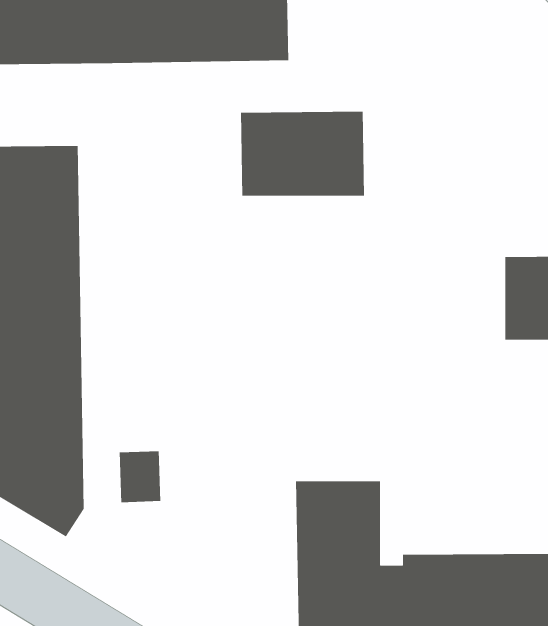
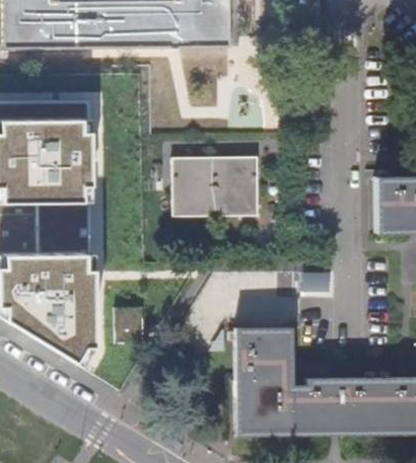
building: [240,111,365,197] -> [176,155,260,213]

